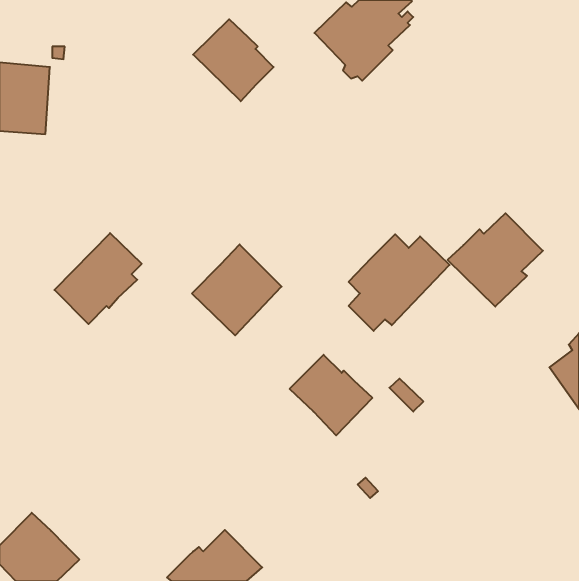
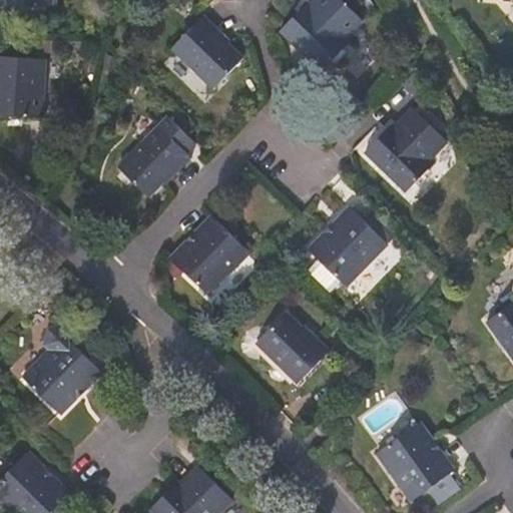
building: [448,213,543,307] -> [363,110,447,192]
building: [54,233,142,324] -> [117,116,194,196]
building: none -> [22,326,102,414]
building: none -> [374,422,454,502]

